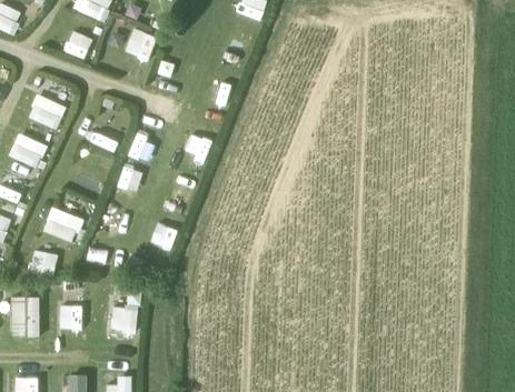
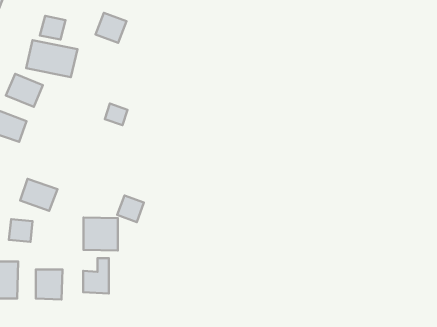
building: none -> [26,40,77,77]
building: none -> [83,217,118,250]

